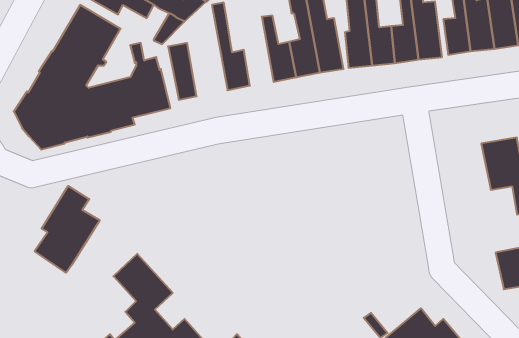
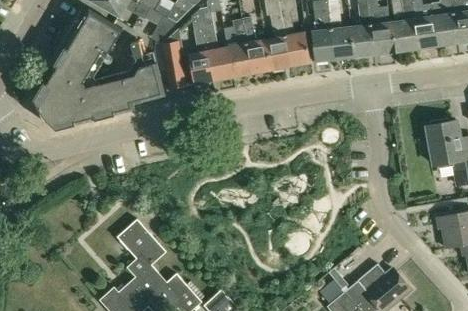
building: none -> [189,8,213,86]
building: none -> [227,11,252,76]
building: [35,186,100,273] -> none

